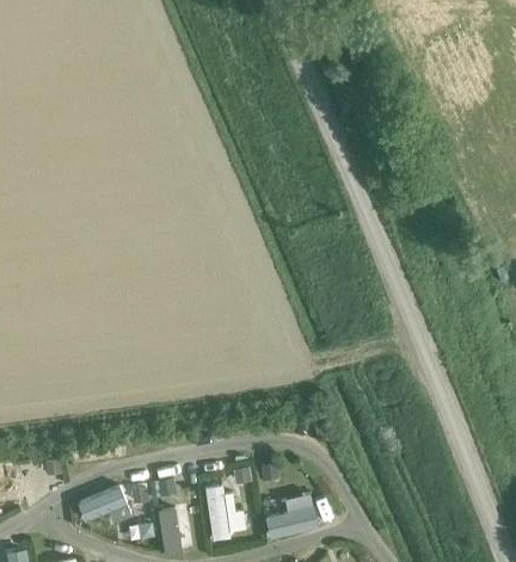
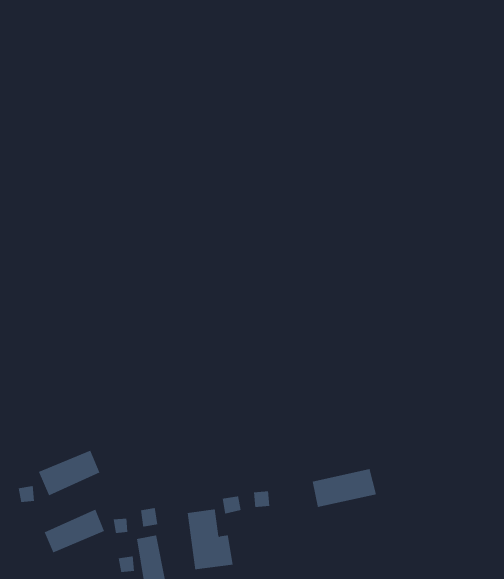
building: none -> [38,450,100,496]
building: [260,504,320,539] -> [312,469,377,508]

